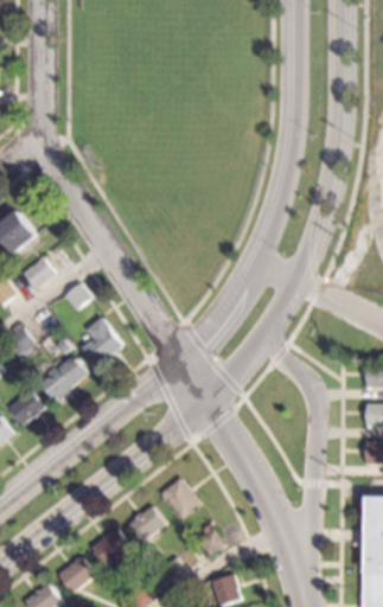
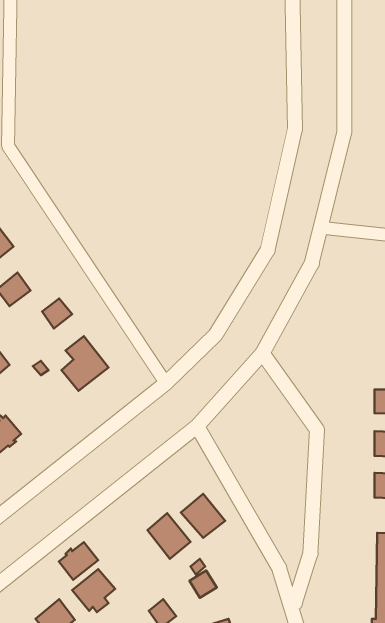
building: [38,354,87,400] -> none
building: none -> [181,494,225,538]
building: [127,506,162,541] -> [59,542,98,580]

